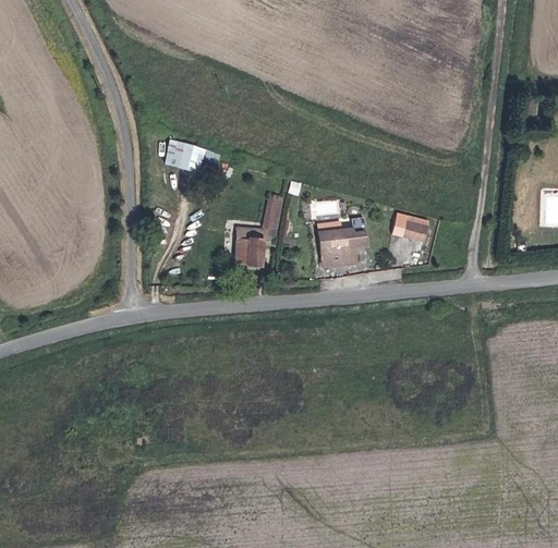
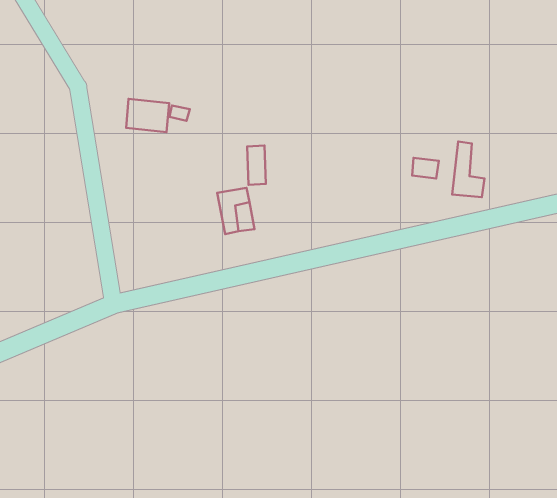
building: none -> [452,142,484,197]
building: [322,217,369,268] -> none

